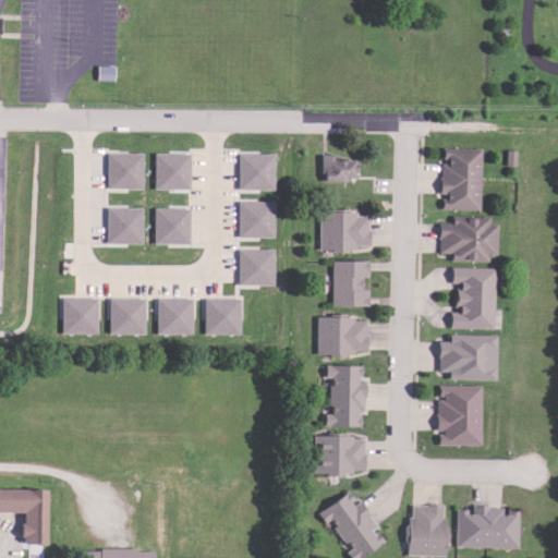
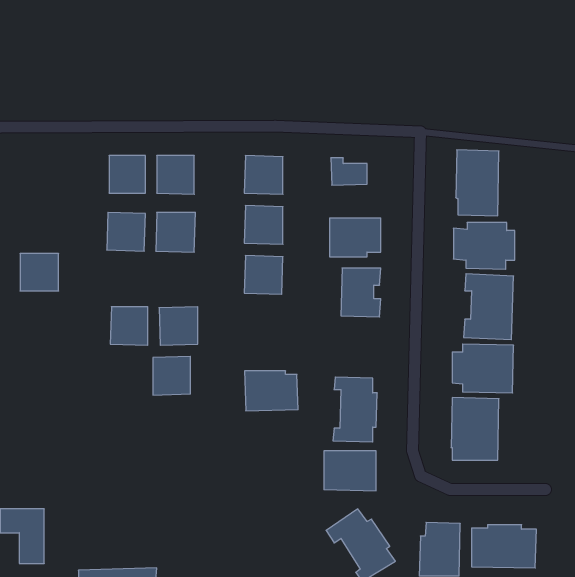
building: [63,298,100,333] -> [20,254,59,291]
building: [206,298,242,335] -> [153,356,190,395]
building: [317,317,368,355] -> [245,371,298,411]

